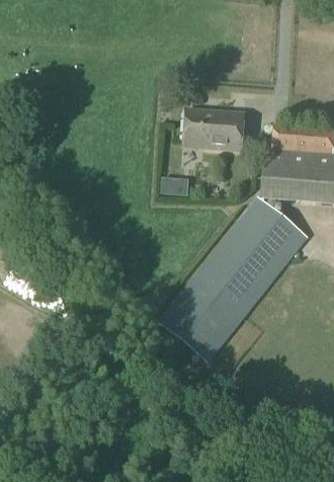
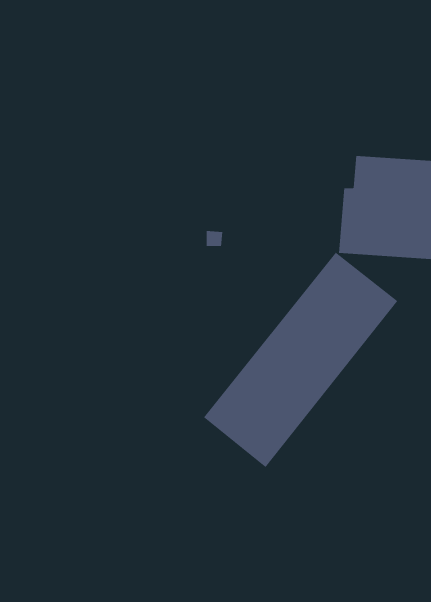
building: [184,108,244,149] -> none

